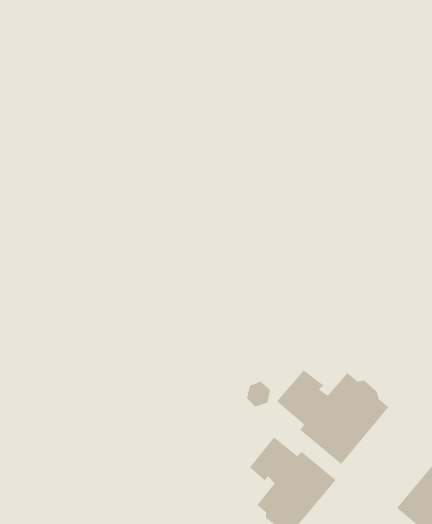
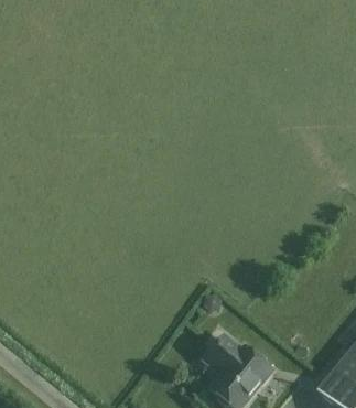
building: [276,370,389,465] -> none

